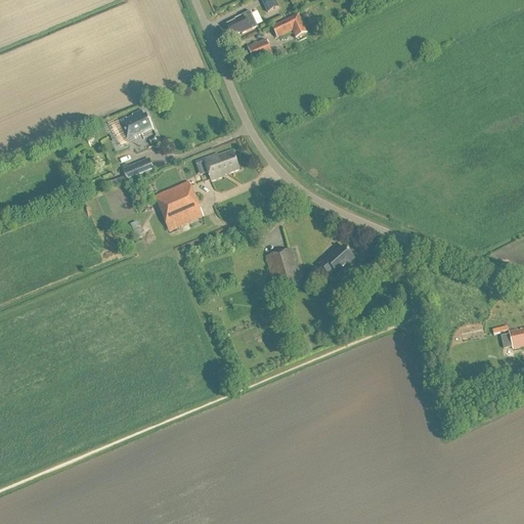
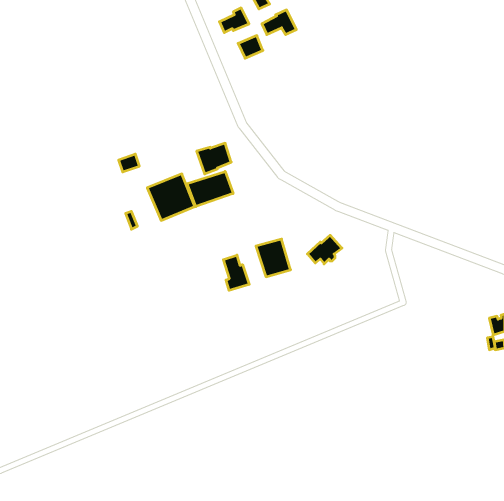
building: [119,110,152,140] -> none
building: none -> [187,171,233,207]
building: none -> [223,255,249,290]

